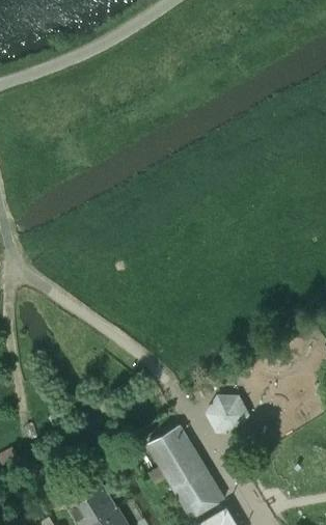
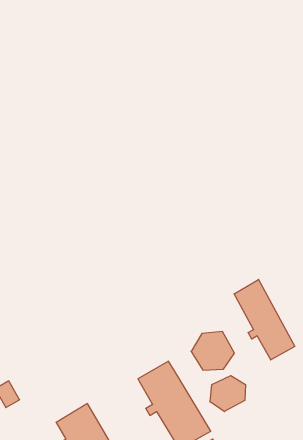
building: none -> [234,279,295,360]
building: none -> [210,376,246,412]

